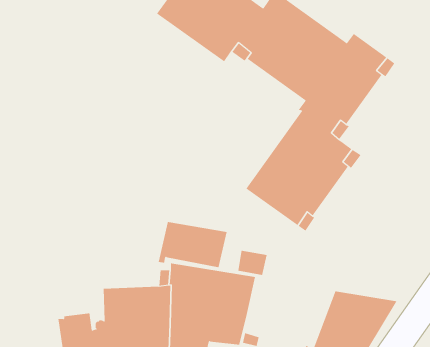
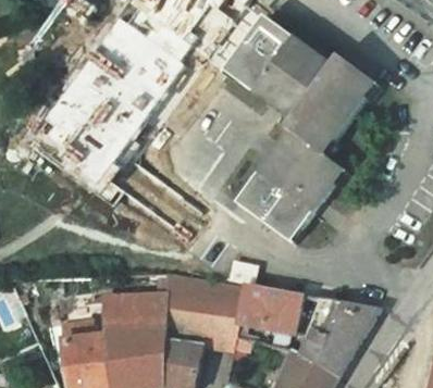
building: [158,221,227,268] -> [237,286,302,329]

